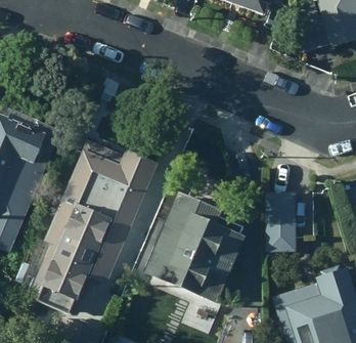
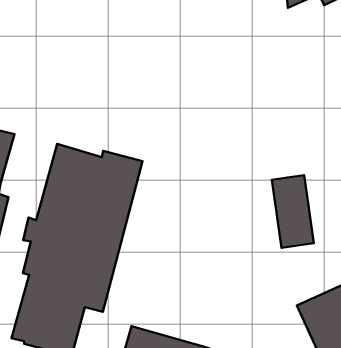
building: [145,188,249,301] -> none

